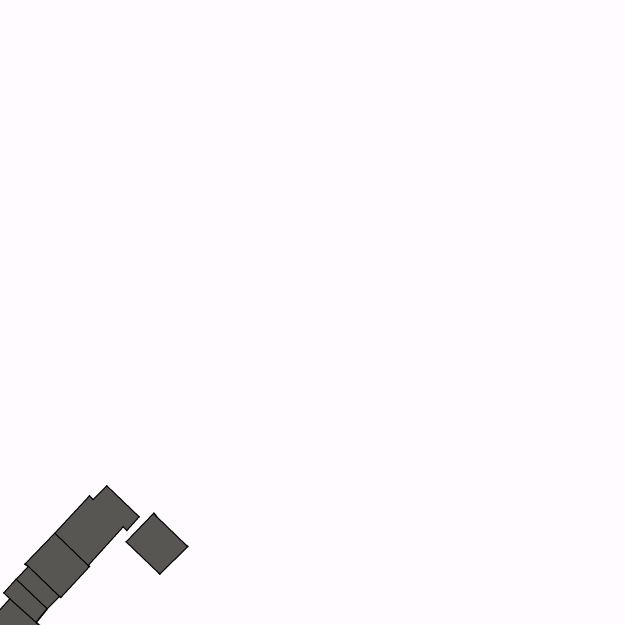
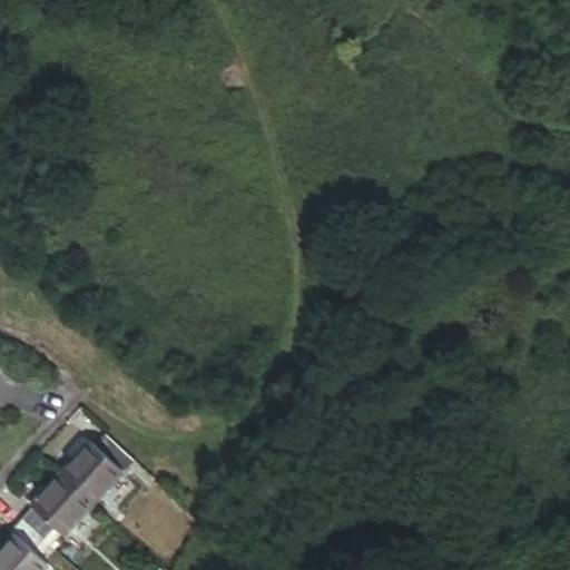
building: [126,513,188,574] -> none

